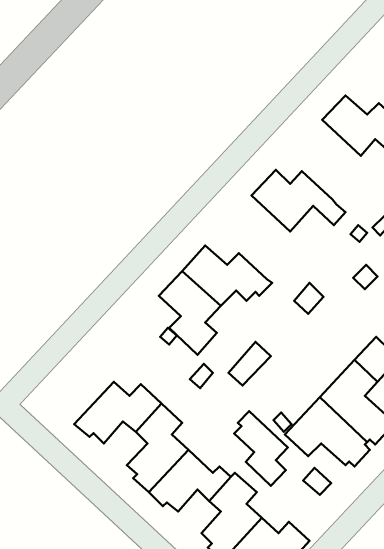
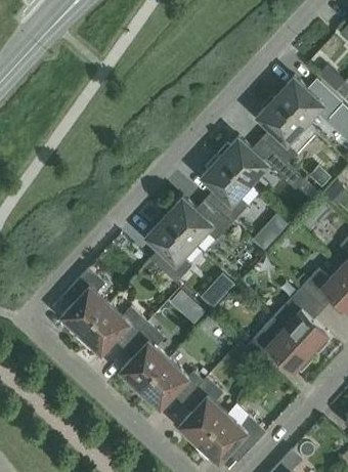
building: none -> [257,96,315,164]
building: none -> [201,157,250,223]
building: none -> [60,268,110,339]
building: [234,411,288,486] -> none

